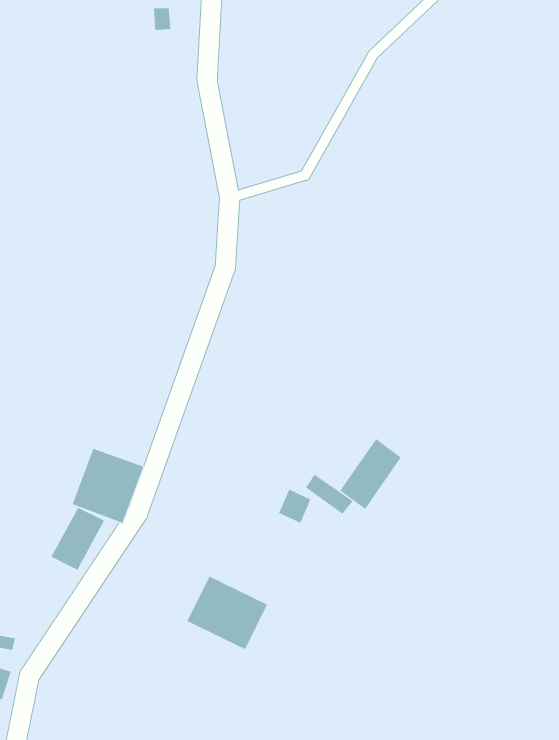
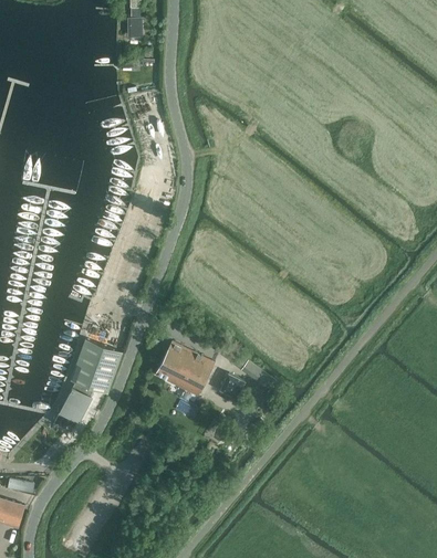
building: [340,438,402,510] -> none
building: [187,576,268,650] -> [155,341,215,396]

